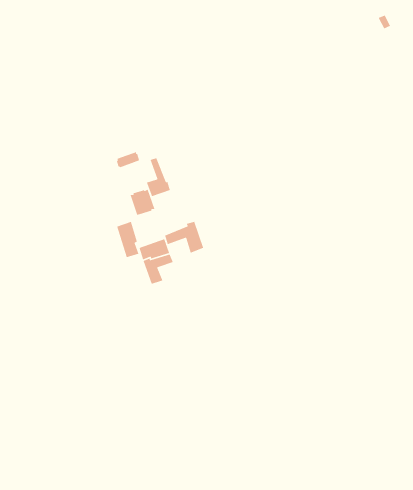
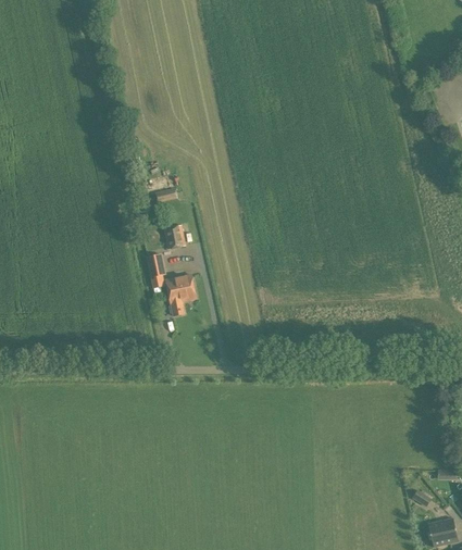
building: [146,157,171,197] -> none
building: [164,221,204,254] -> none

